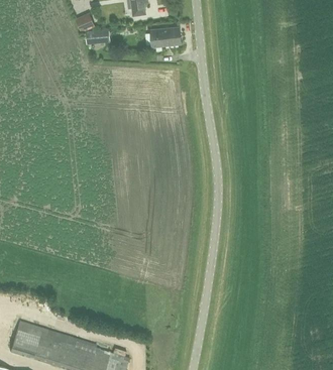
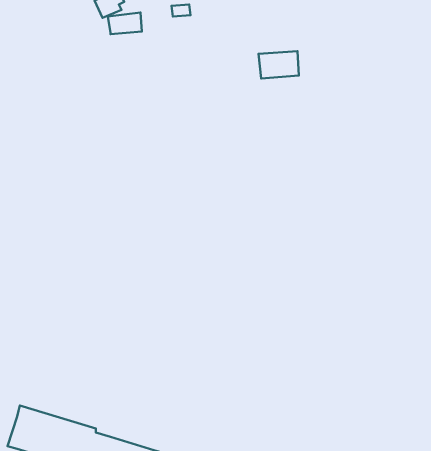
building: [150,26,181,46] -> [258,51,299,78]

